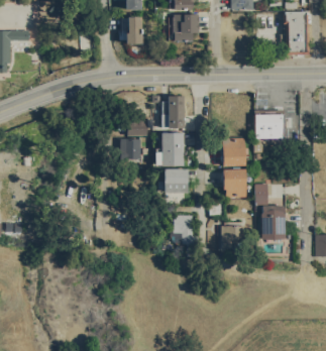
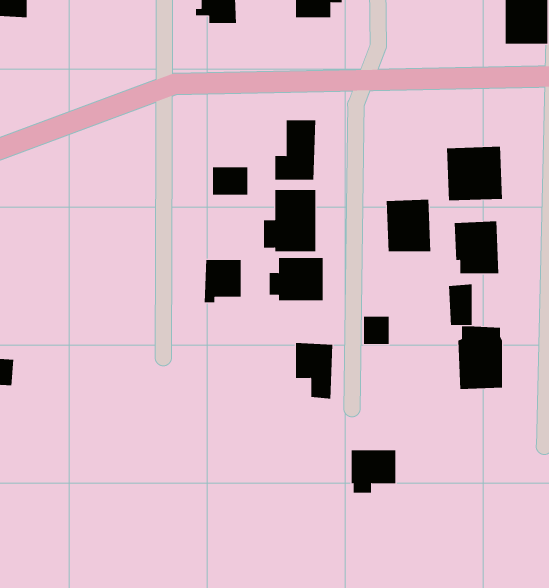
building: [120,139,140,162] -> [204,260,241,303]
building: [222,169,246,198] -> [454,221,499,274]
building: [220,226,244,249] -> [351,450,396,493]

